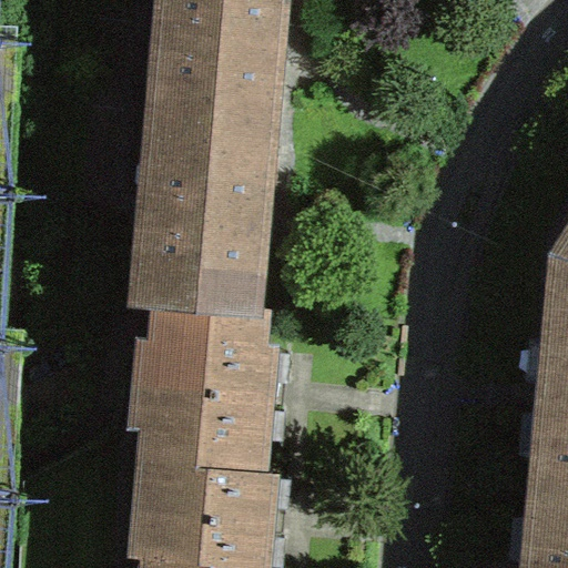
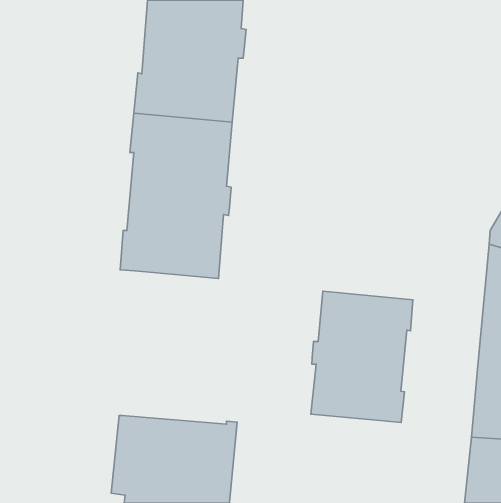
building: [128,305,270,478] -> none
building: none -> [311,291,413,423]

